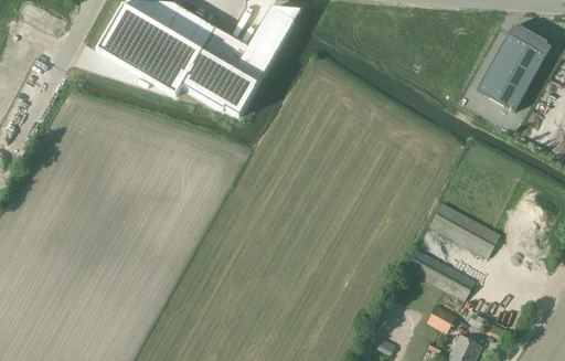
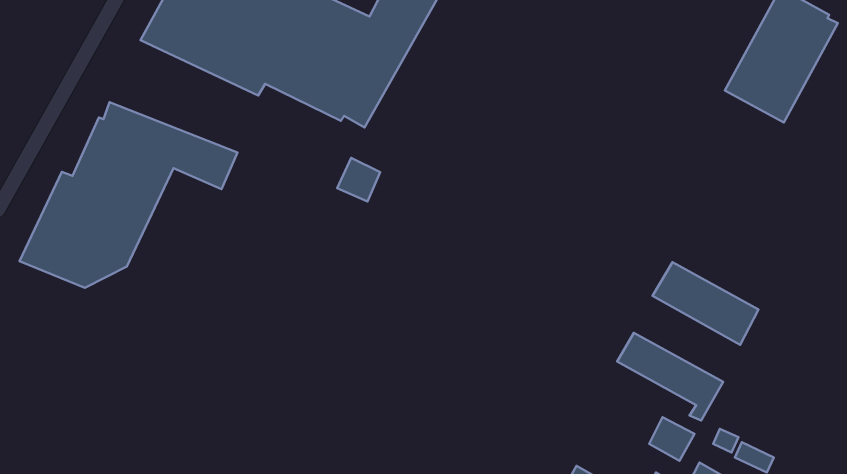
building: none -> [20,102,238,288]
building: none -> [337,158,380,201]

